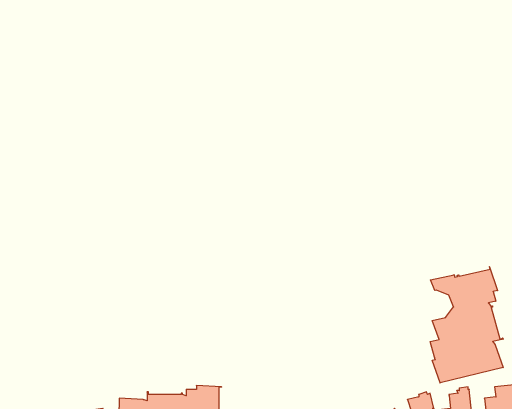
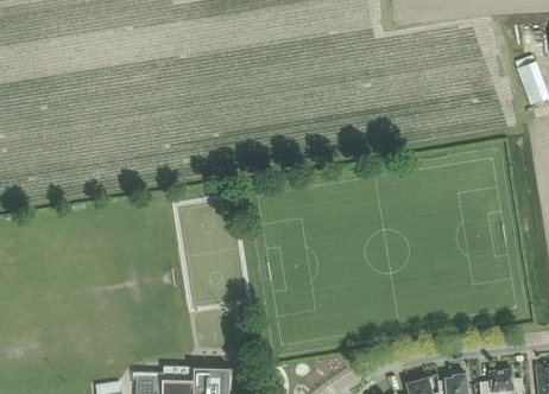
building: [430,267,503,383] -> none

